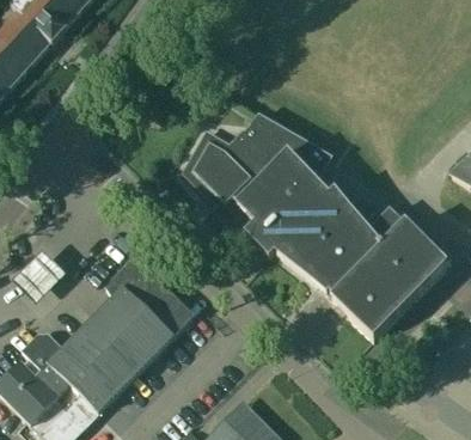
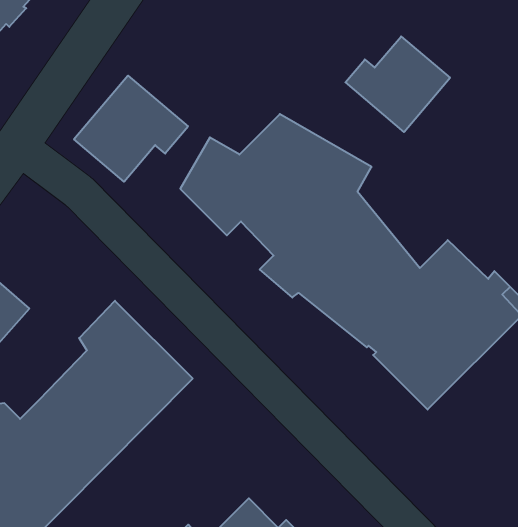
building: none -> [345,36,450,132]
building: none -> [74,76,188,182]

